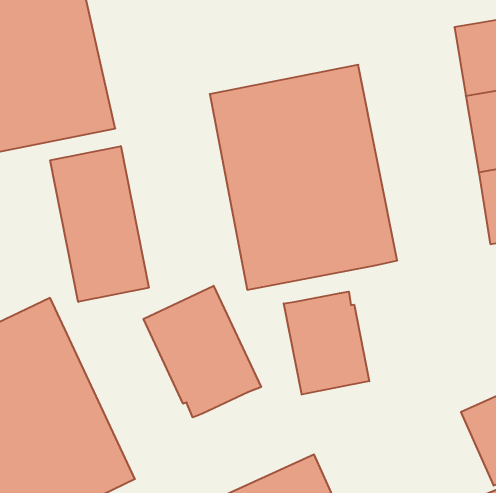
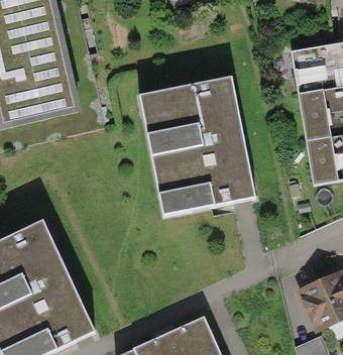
building: [50,146,149,302] -> none
building: [144,286,261,417] -> none
building: [284,292,369,395] -> none

